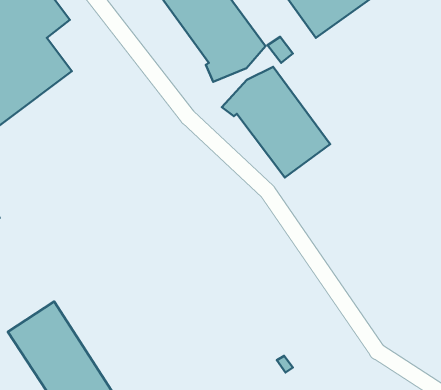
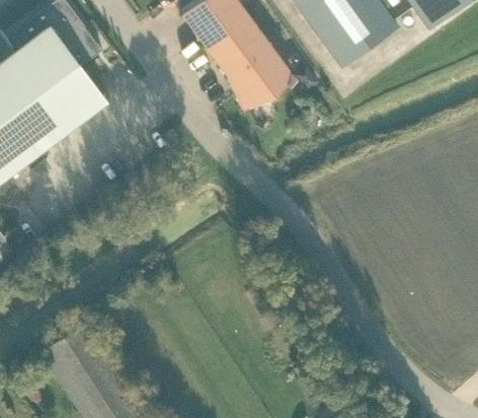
building: [222,67,330,178] -> none

